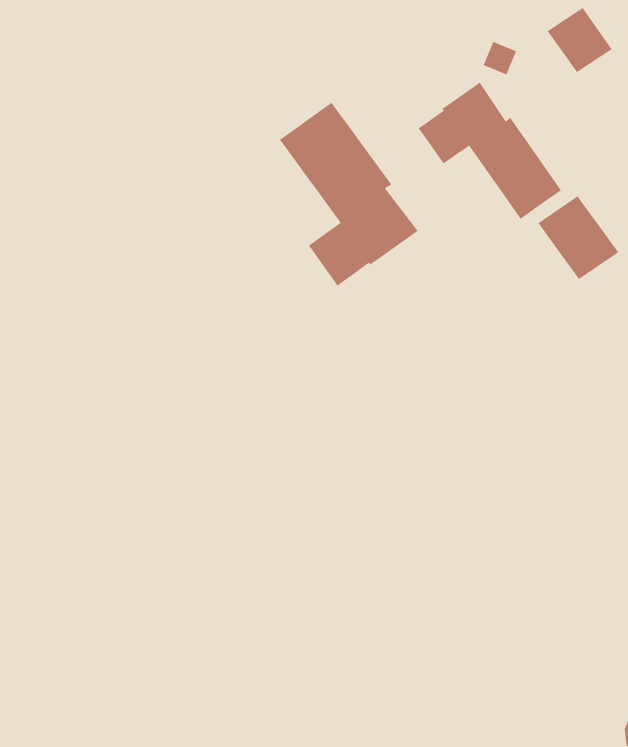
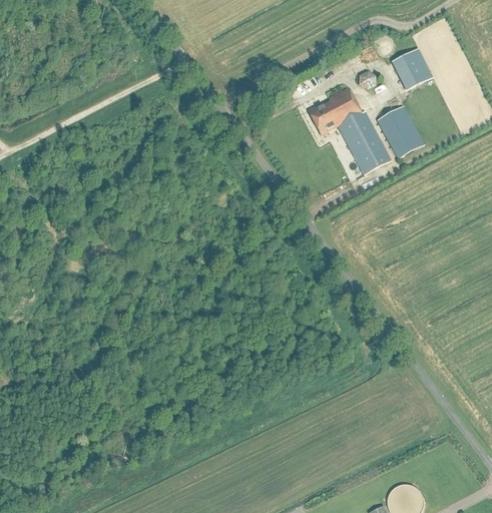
building: [279,102,419,286] -> none
building: [537,195,619,280] -> [377,106,425,158]

